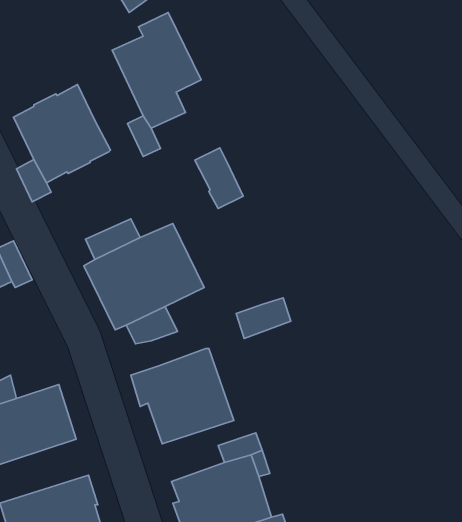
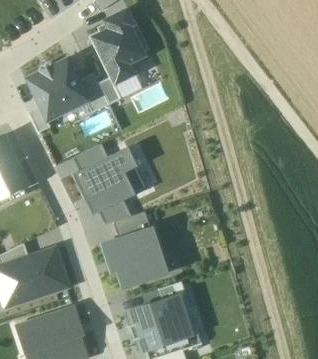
building: [195,148,243,209] -> [79,72,110,111]
building: [236,298,291,338] -> [115,211,150,237]

